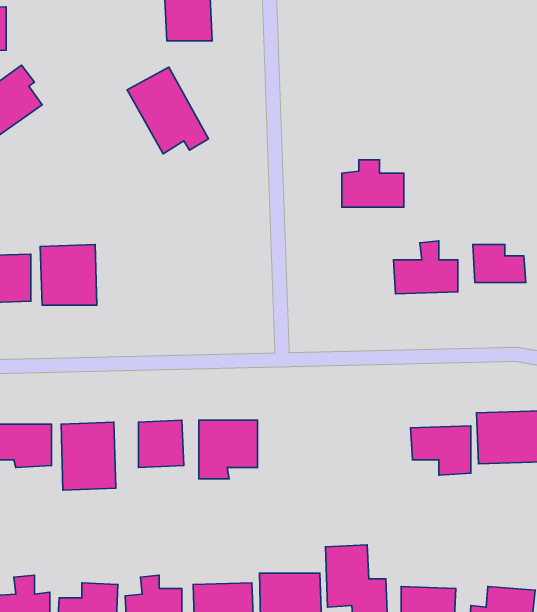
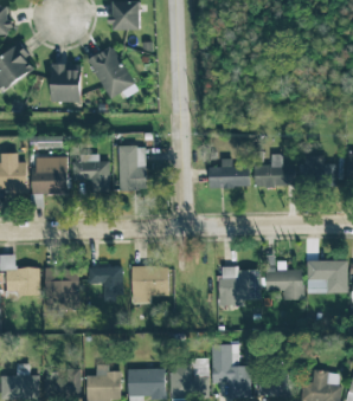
building: none -> [51,64,81,102]
building: [342,160,404,207] -> [208,159,248,188]
building: none -> [117,145,146,190]
building: none -> [73,154,109,193]
building: none -> [219,267,259,306]

